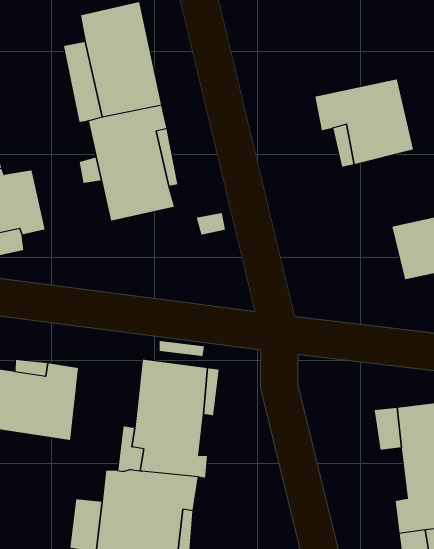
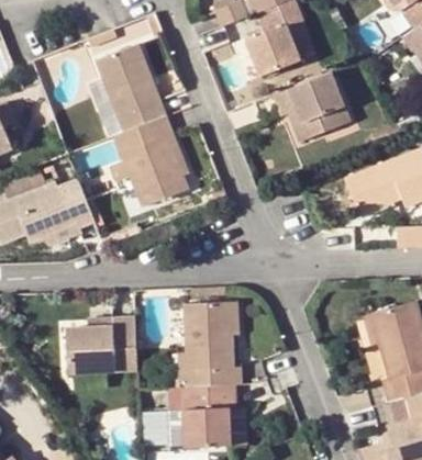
building: none -> [247,24,302,77]

